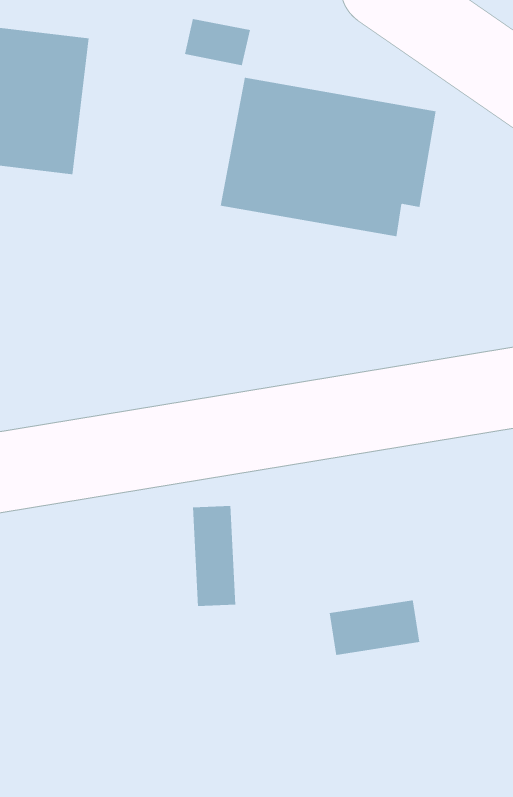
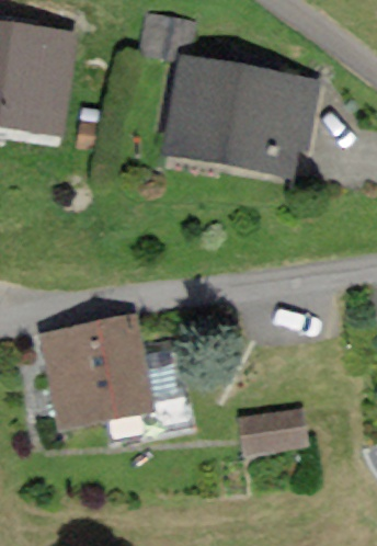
building: none -> [46,317,146,418]

